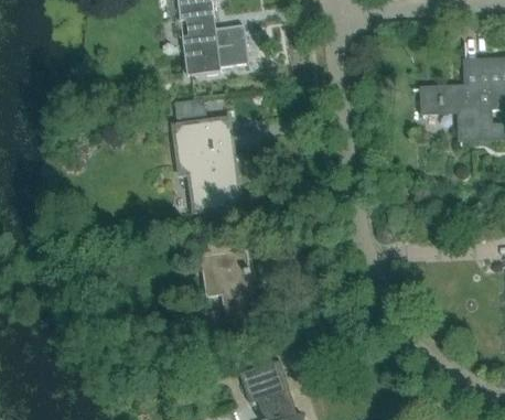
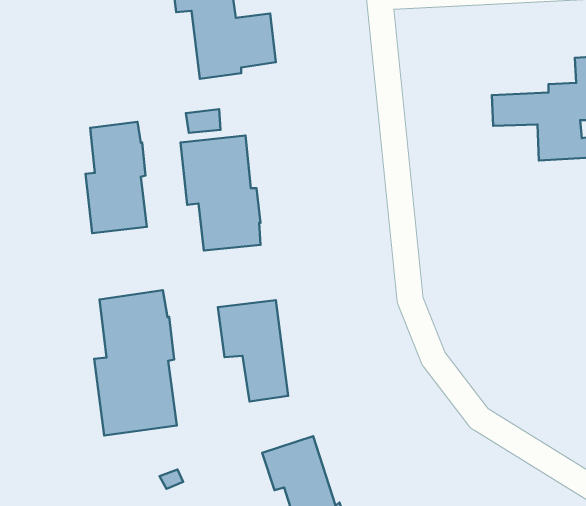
building: none -> [86,122,147,233]
building: none -> [94,290,177,436]

